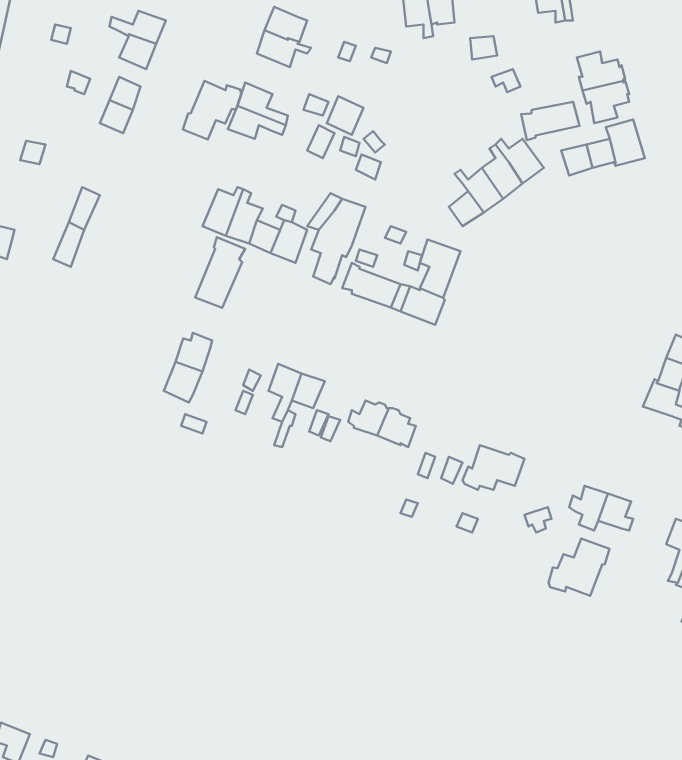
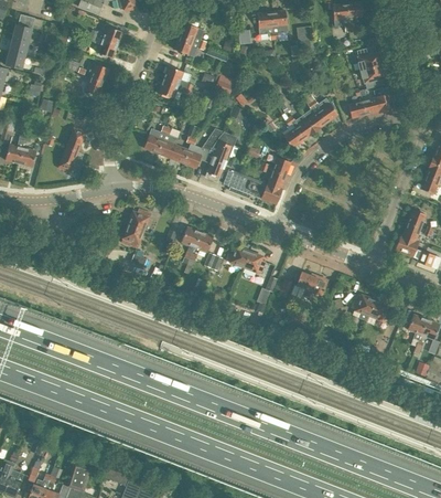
building: [183,81,241,139] -> none
building: [521,102,579,140] -> none
building: [195,237,245,308] -> none
building: [548,539,609,596] -> none

